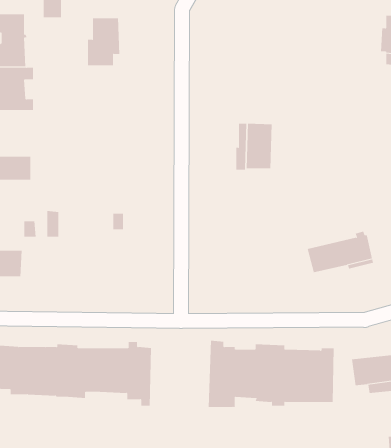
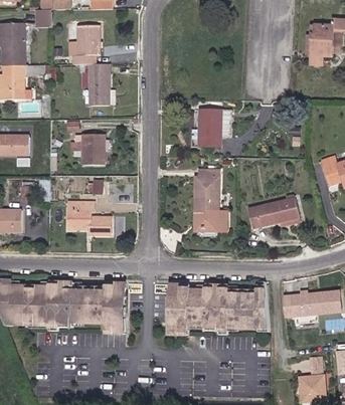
building: none -> [89,63,110,107]
building: none -> [68,135,105,165]
building: none -> [195,170,226,230]
building: none -> [68,202,111,234]

